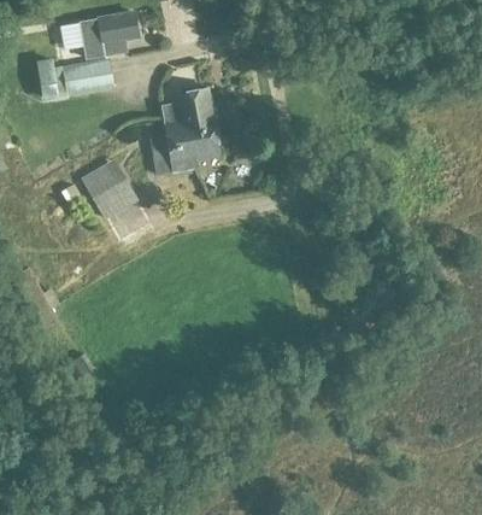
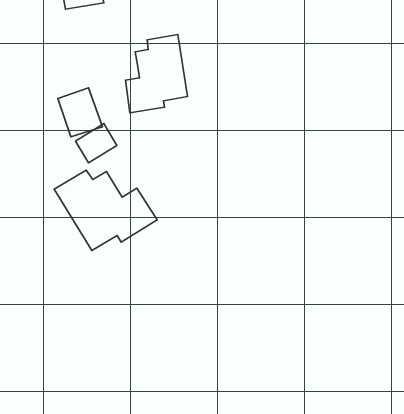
building: [36,58,116,100] -> none
building: none -> [54,170,157,251]

